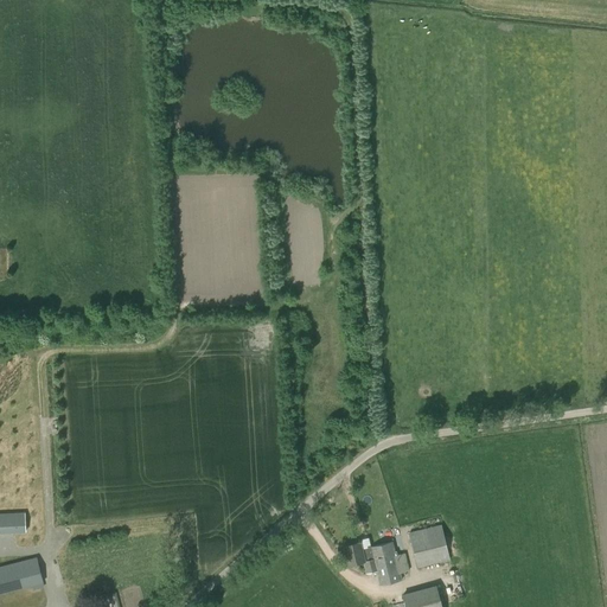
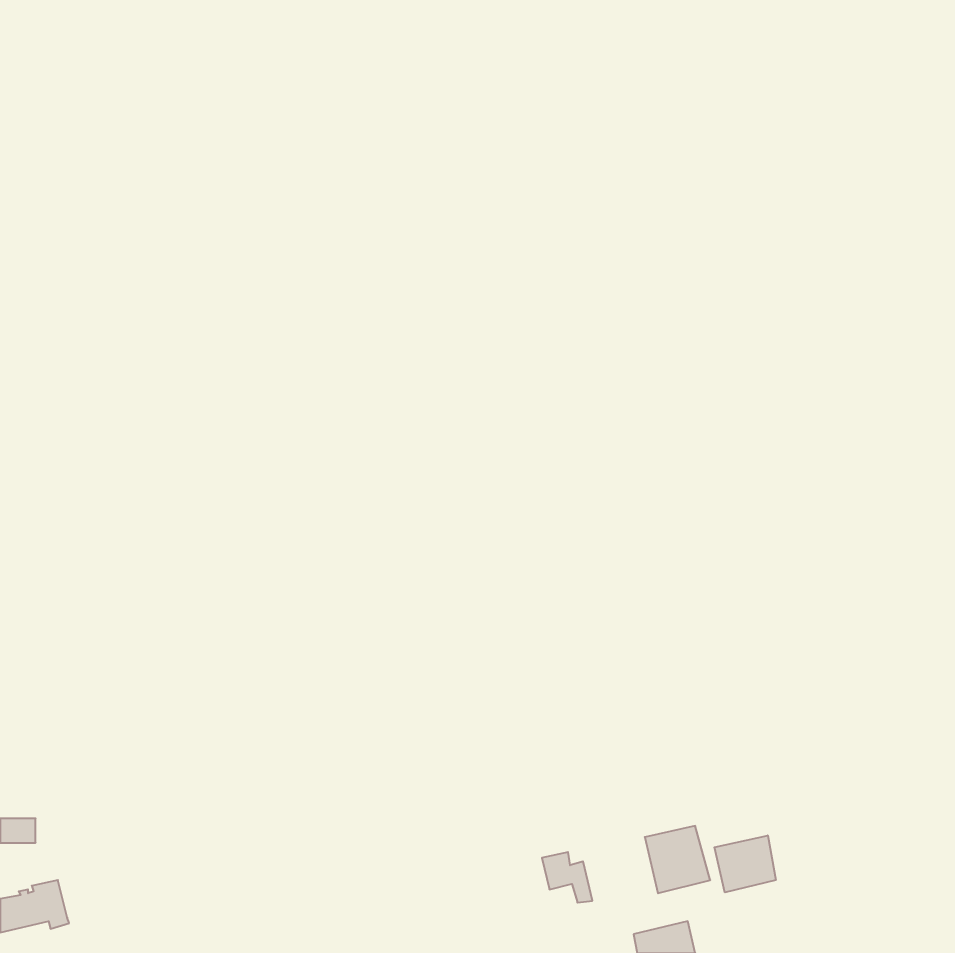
building: none -> [714,835,776,892]
building: [371,541,409,584] -> none

